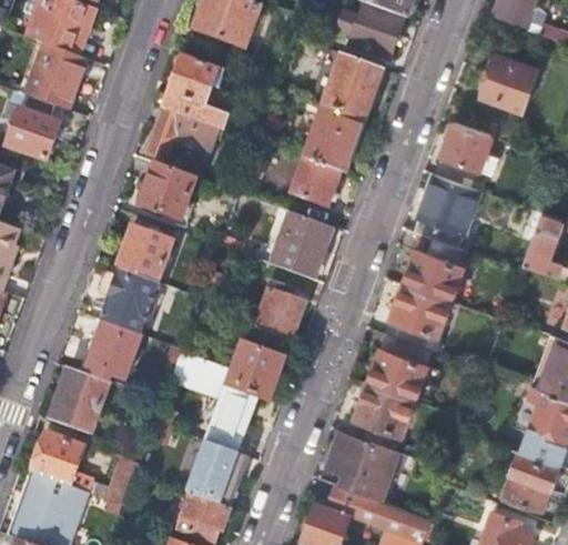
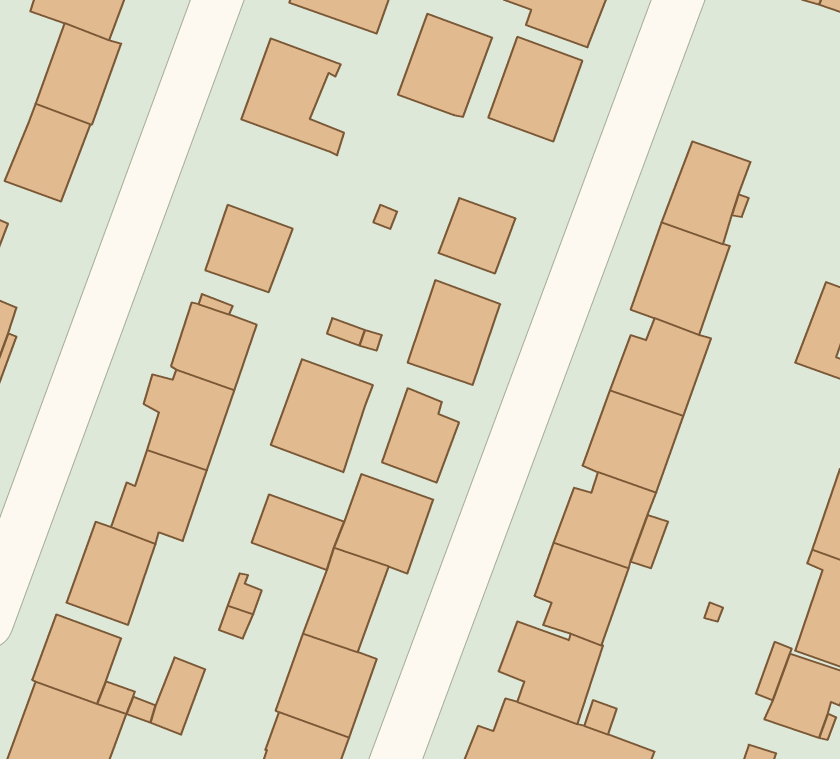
building: [481,53,538,111] -> none
building: [304,107,365,173] -> [398,14,492,117]
building: [146,108,221,161] -> none
building: none -> [271,359,373,472]

